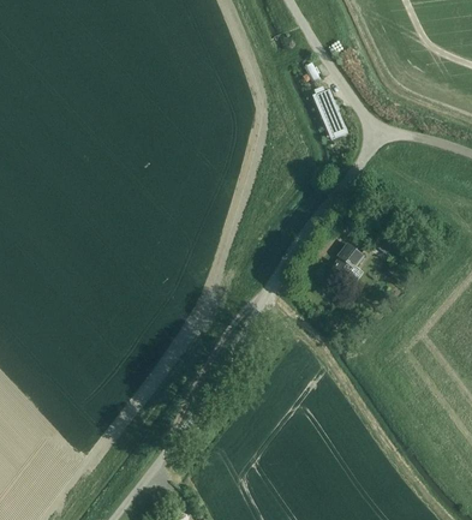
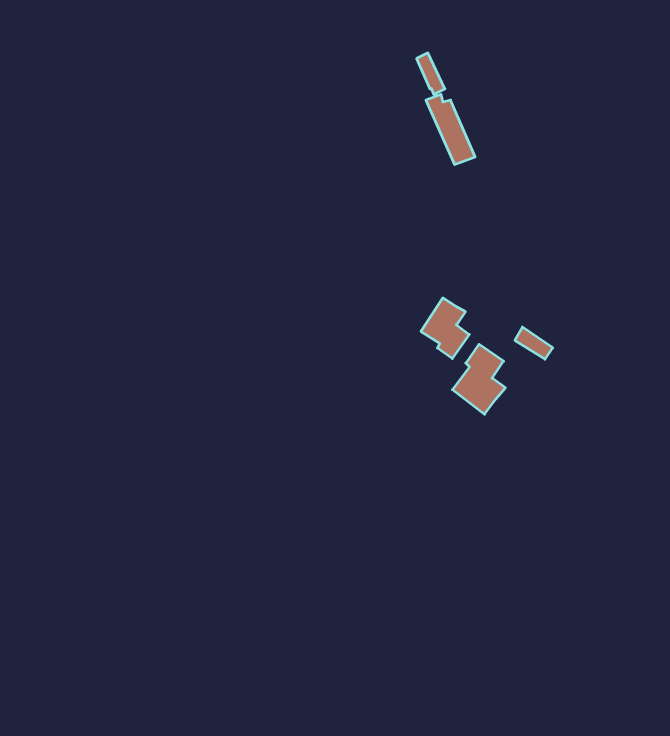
building: none -> [421,298,469,359]

